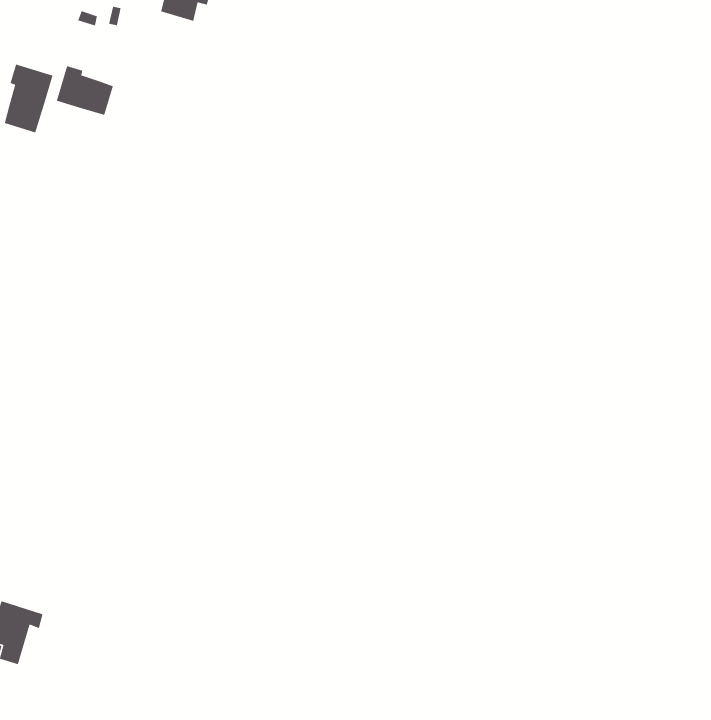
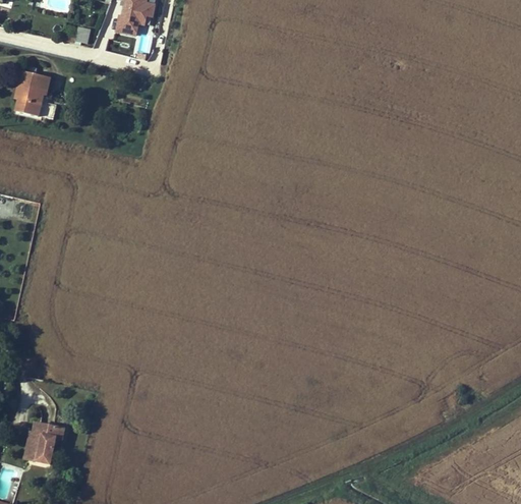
building: [56,65,114,116] -> none

